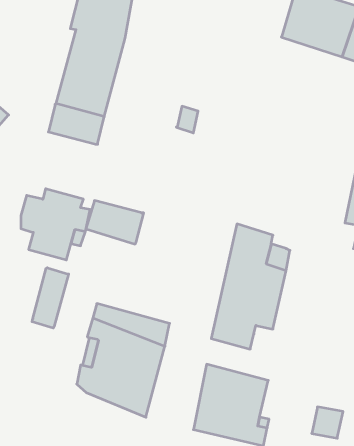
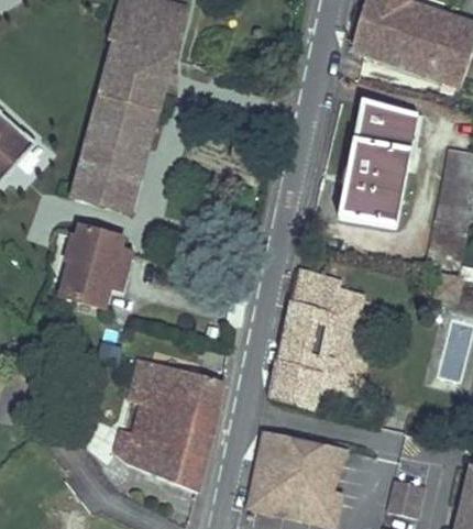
building: none -> [340,101,416,228]
building: [86,201,144,244] -> [72,159,139,210]
building: [32,268,69,328] -> none

